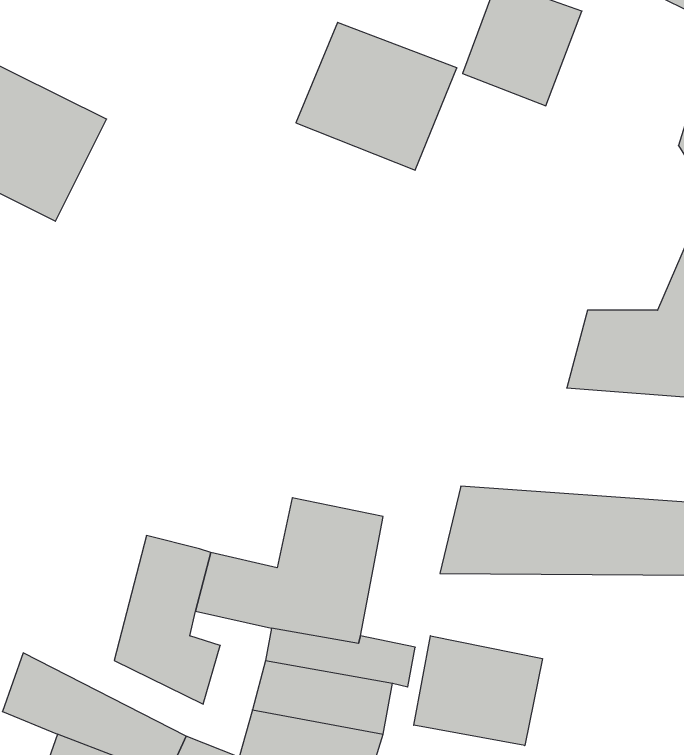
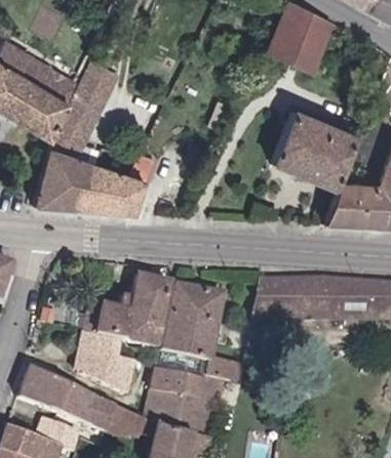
building: [296,22,457,170] -> [266,108,353,188]
building: none -> [33,61,154,209]
building: none -> [124,274,174,321]
building: [414,636,542,746] -> none

